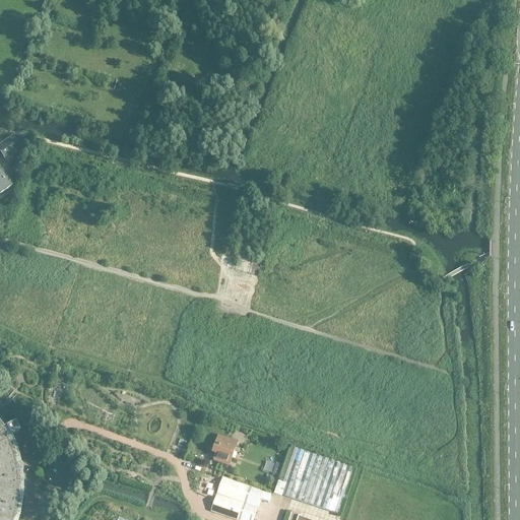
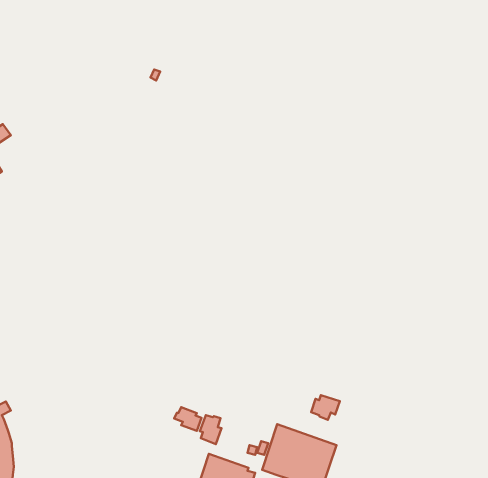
building: none -> [311,395,340,420]
building: none -> [174,407,201,431]

